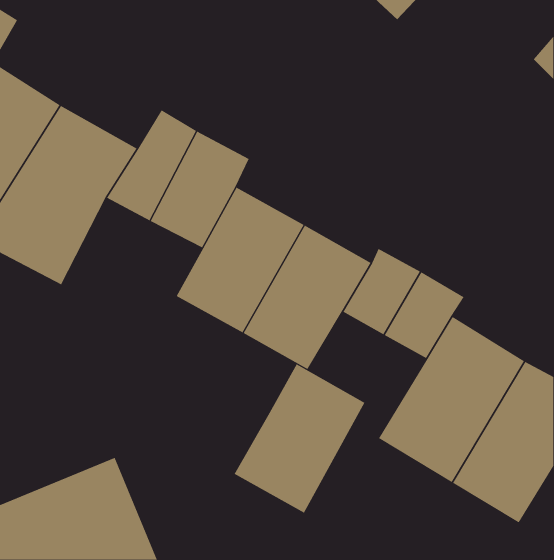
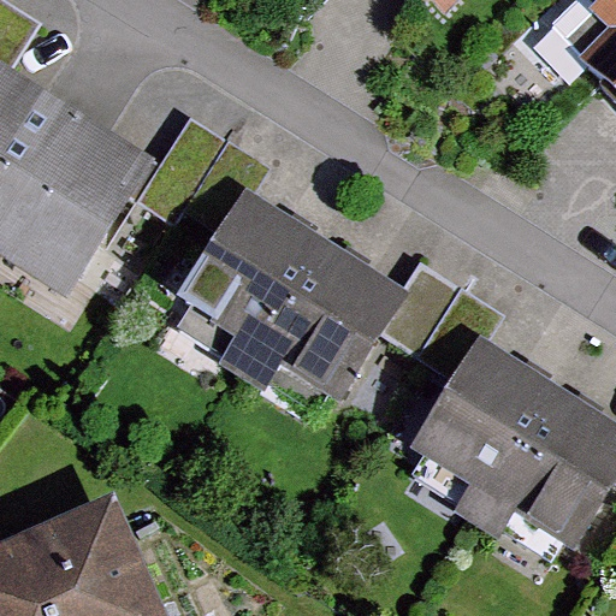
building: [234,364,365,513] -> none

